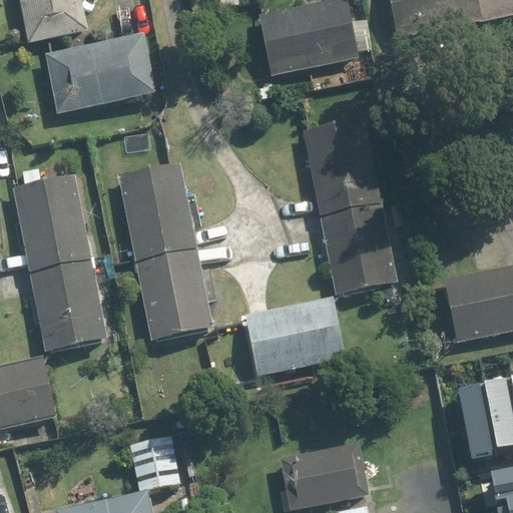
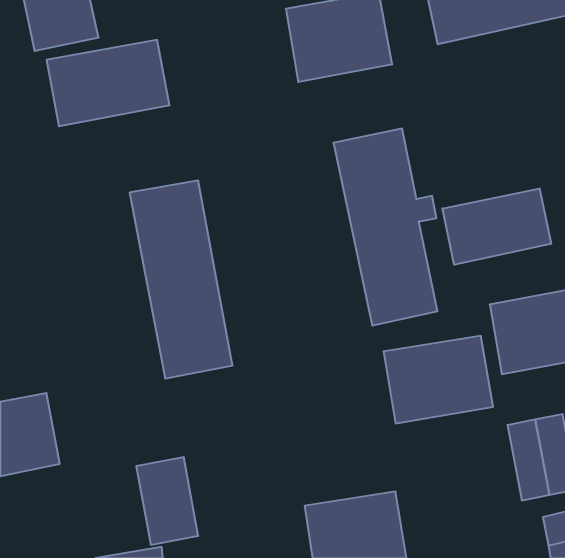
building: [11,164,108,353] -> none
building: none -> [442,188,551,265]
building: [243,296,343,375] -> [383,336,493,423]

